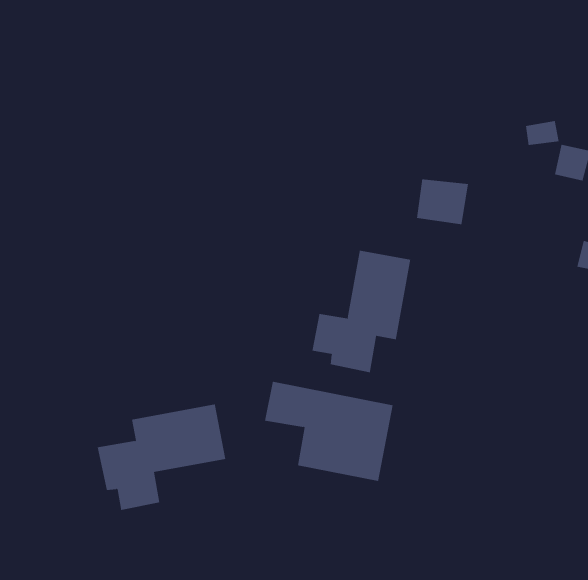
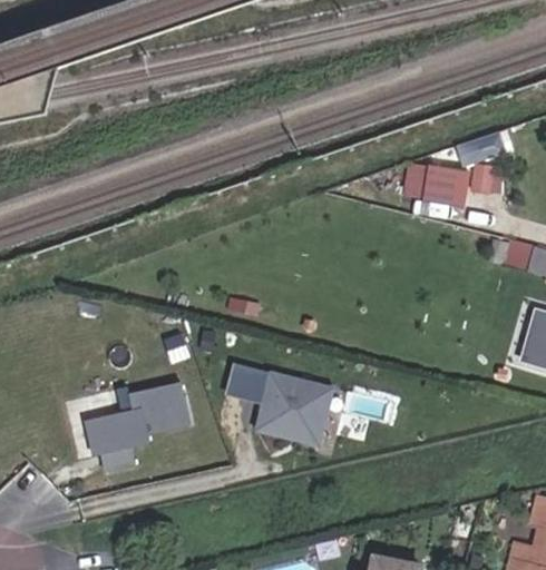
building: [416,179,469,225] -> [426,176,470,215]
building: [312,250,411,373] -> none

